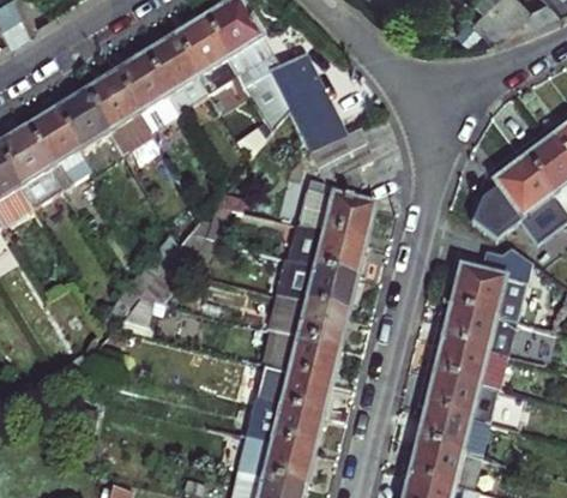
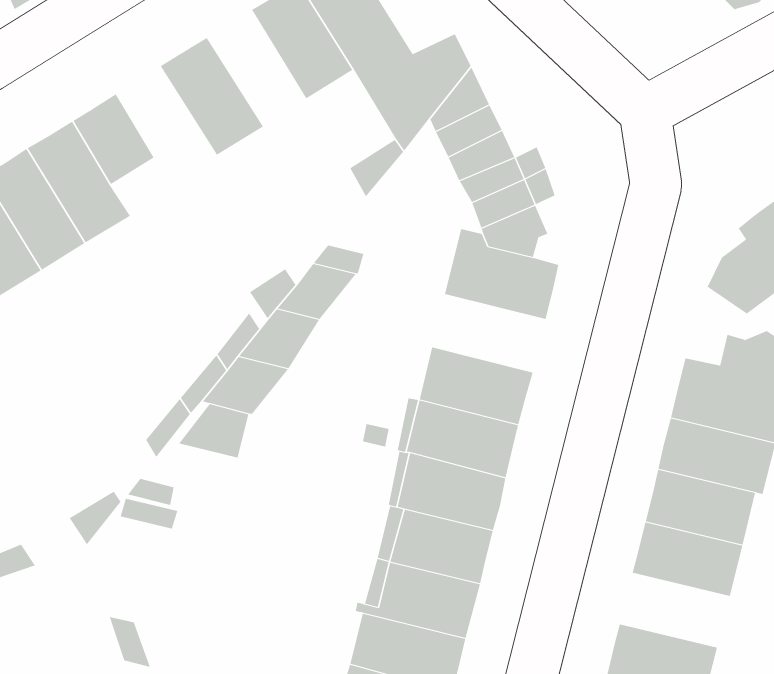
building: [141,37,206,114] -> none
building: [82,74,150,155] -> none
building: [289,224,364,276] -> none
building: [412,408,485,457] -> none

